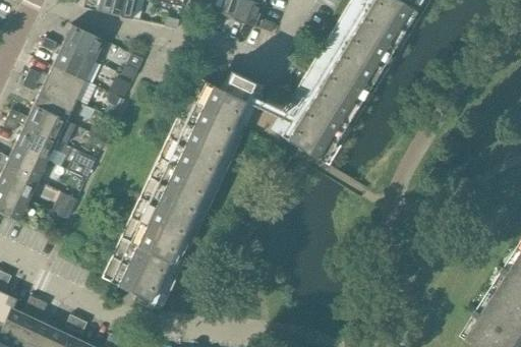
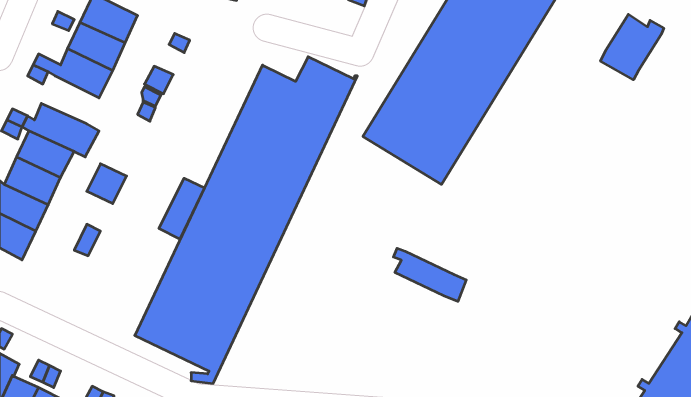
building: none -> [601,14,664,80]
building: [33,84,75,120] -> none
building: none -> [159,178,205,239]
building: none -> [393,248,466,301]

